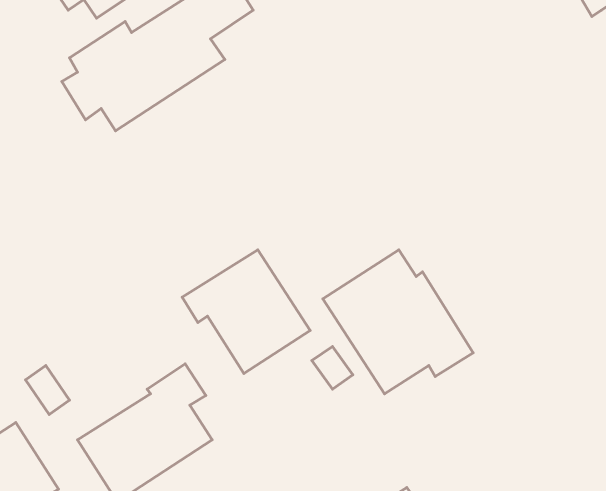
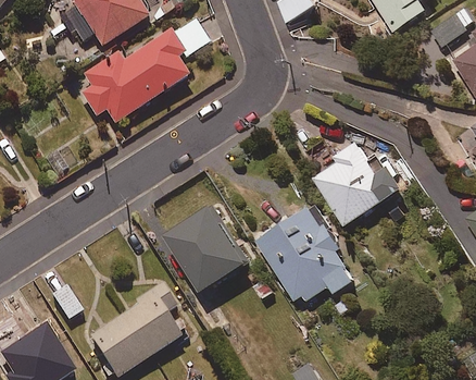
building: none -> [314,142,404,224]

